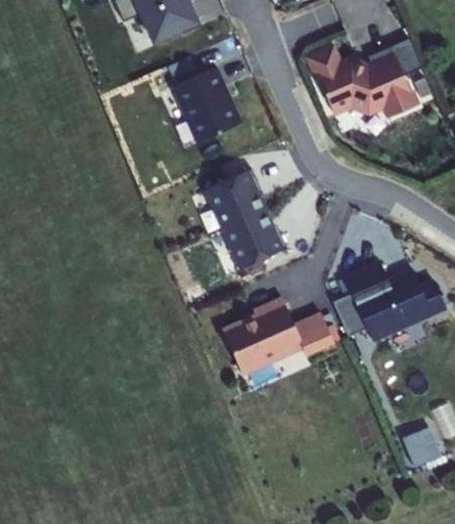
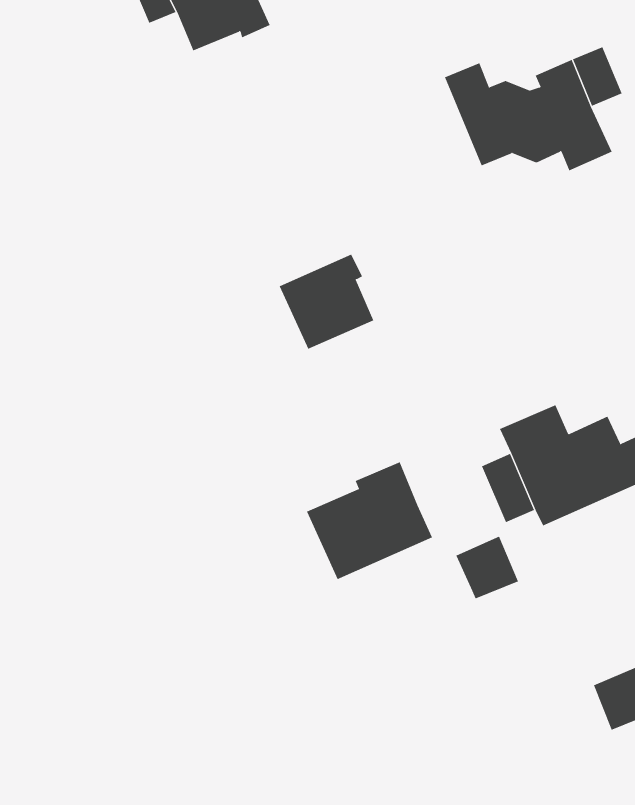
building: [173,67,239,141] -> none
building: [223,211,286,269] -> none
building: [292,315,332,355] -> [456,536,519,599]

